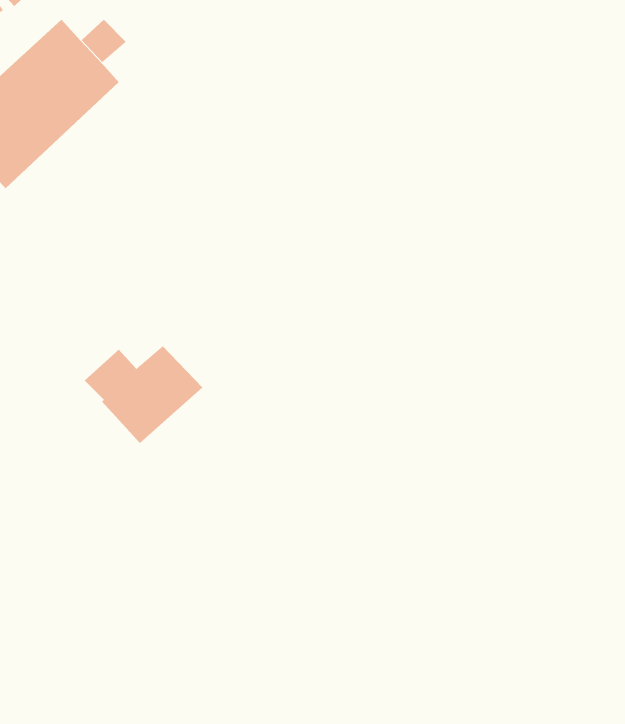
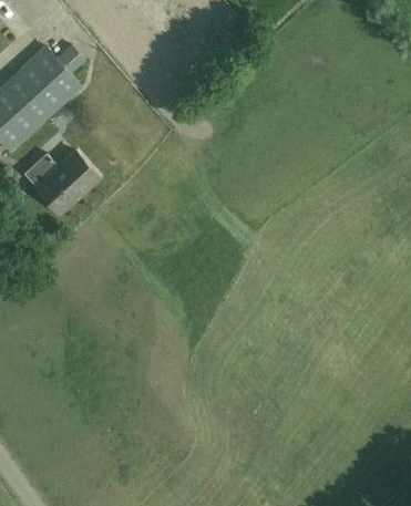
building: [84,345,203,444] -> [22,152,97,214]

